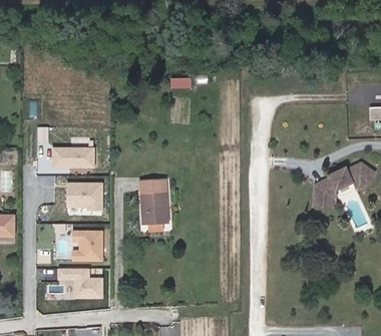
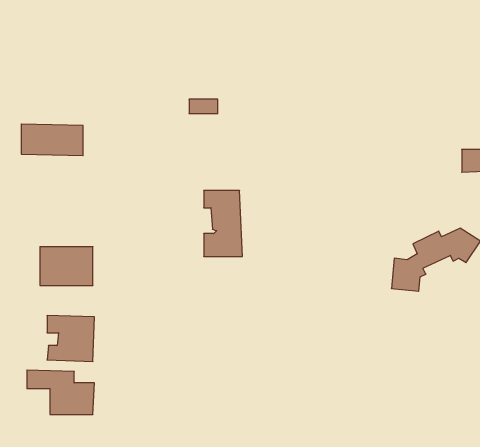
building: [53,142,96,164] -> [21,124,83,156]
building: [141,187,168,233] -> [204,191,242,256]

